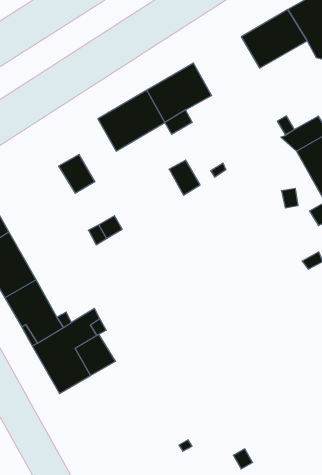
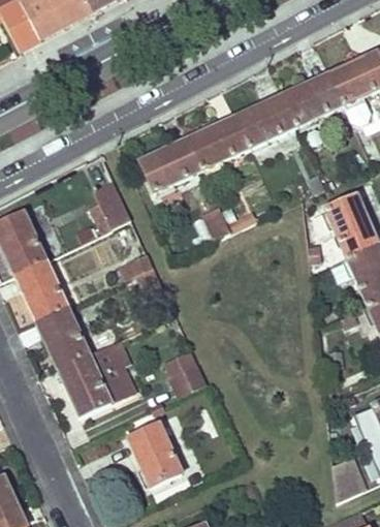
building: none -> [234,95,296,148]
building: none -> [164,348,207,398]
building: none -> [128,426,183,488]

